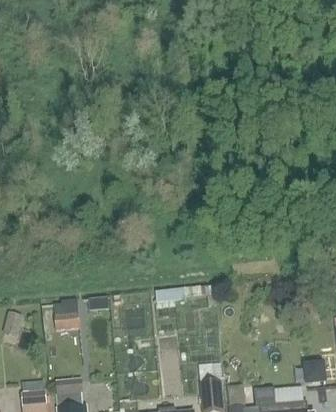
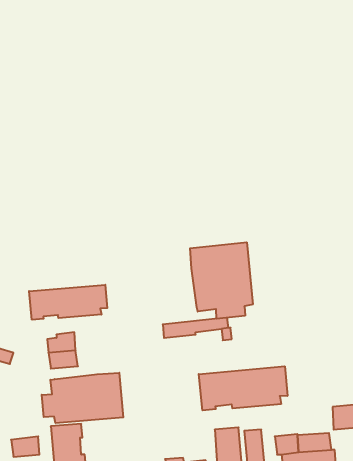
building: none -> [190,242,253,319]
building: none -> [29,285,107,320]
building: none -> [199,366,287,410]
building: none -> [42,373,123,423]

